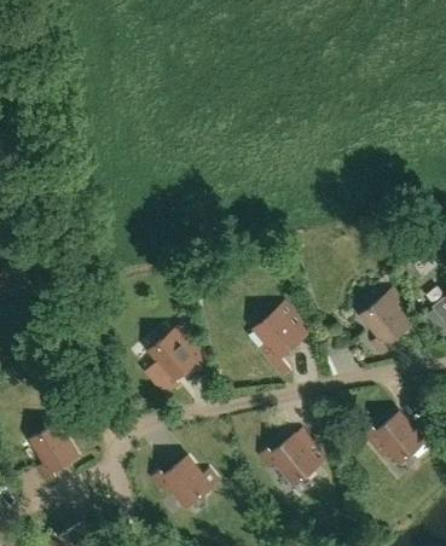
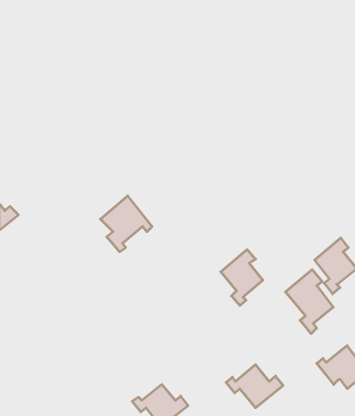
building: [149,325,208,389] -> [100,196,152,252]
building: none -> [285,270,333,334]
building: [30,419,77,481] -> none

